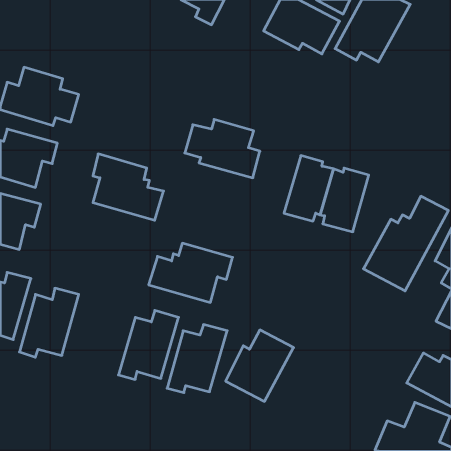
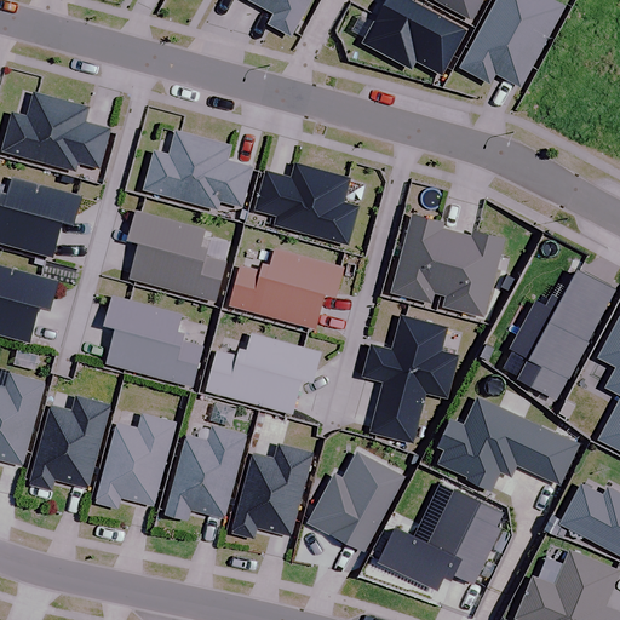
building: none -> [144,130,252,208]
building: none -> [229,248,344,328]
building: none -> [105,297,202,388]
building: none -> [363,315,457,442]
building: none -> [437,397,579,490]
building: none -> [94,414,176,509]
building: none -> [378,483,500,590]

